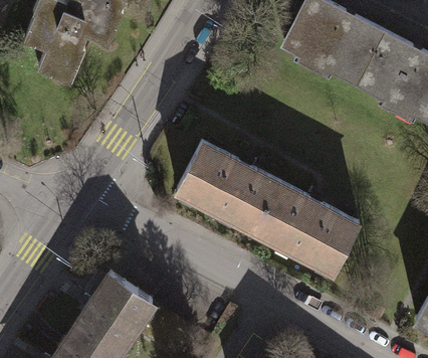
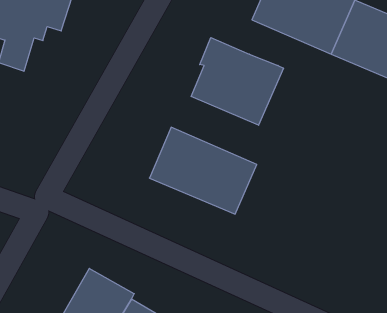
building: none -> [191,38,283,125]
building: [254,184,357,271] -> none

